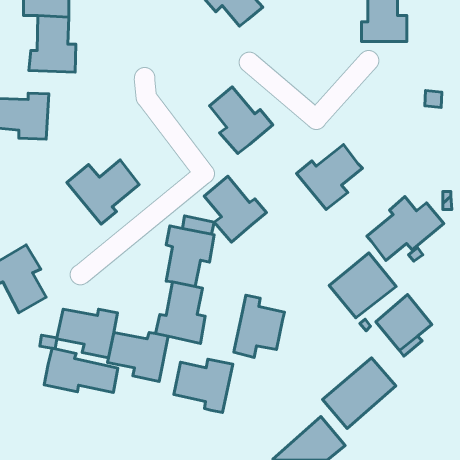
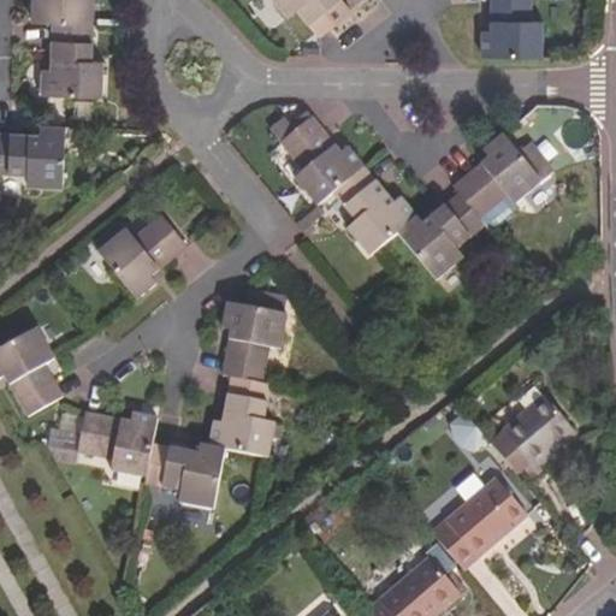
building: [204,176,267,242] -> [332,166,415,254]
building: [367,196,444,261] -> [451,132,553,218]
building: [329,253,396,318] -> none
building: [234,295,285,357] -> none
building: [44,348,118,392] -> none
building: [174,359,233,413] -> none

